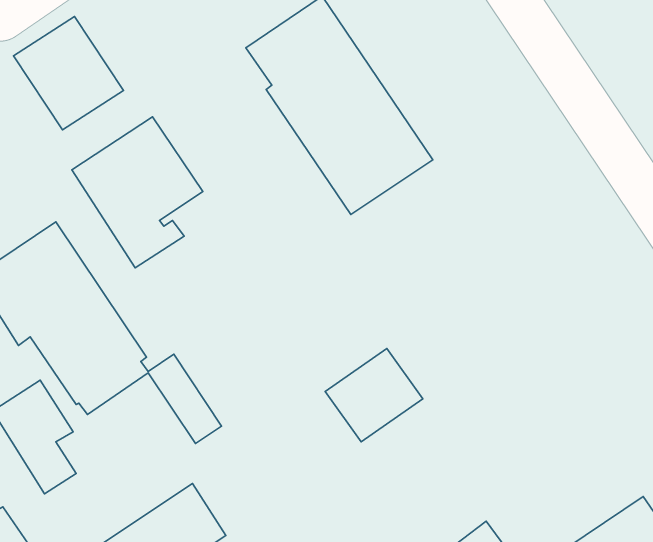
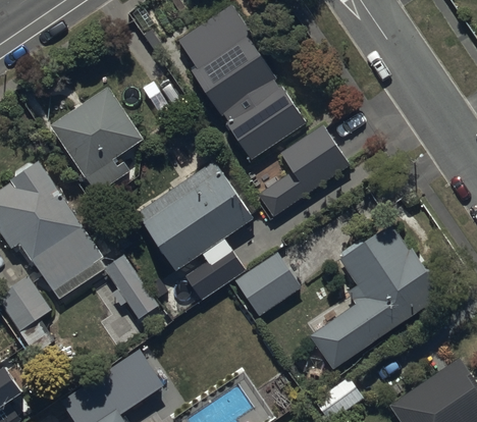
building: [13,16,124,130] -> none
building: none -> [256,123,349,217]
building: none -> [136,162,253,299]
building: none -> [309,226,441,370]

